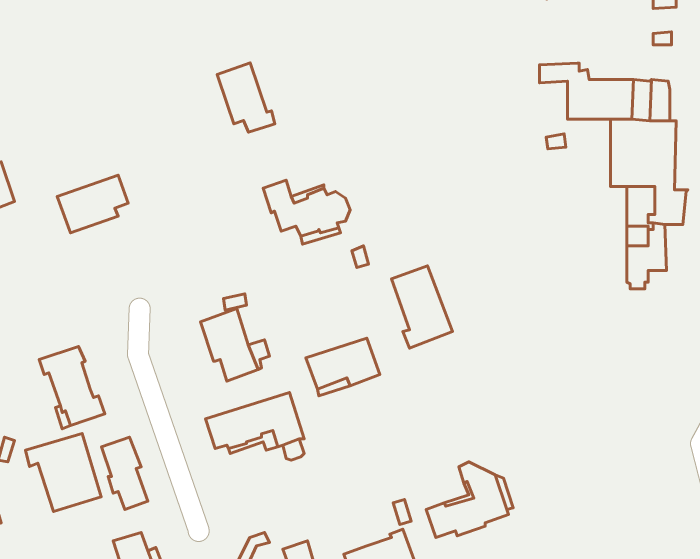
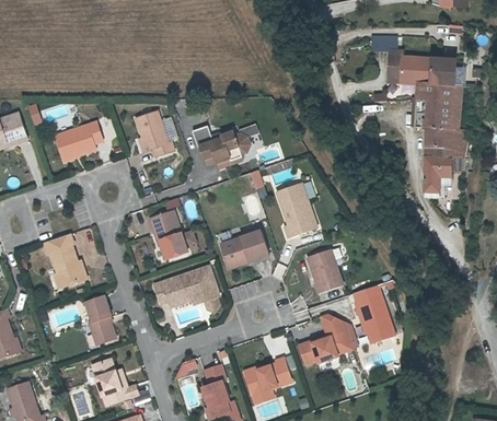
building: [217,63,275,132] -> [135,110,173,156]
building: none -> [307,247,342,292]
building: [25,434,101,511] -> none
building: none -> [355,294,394,342]

